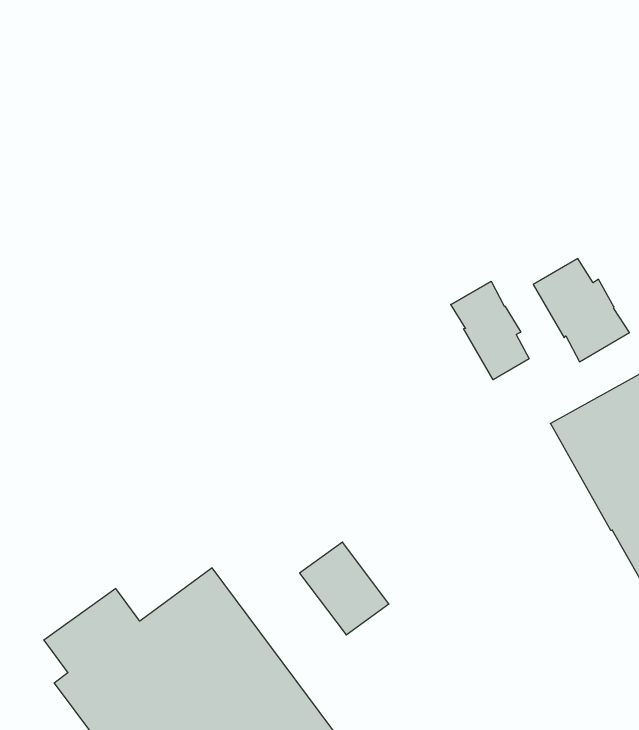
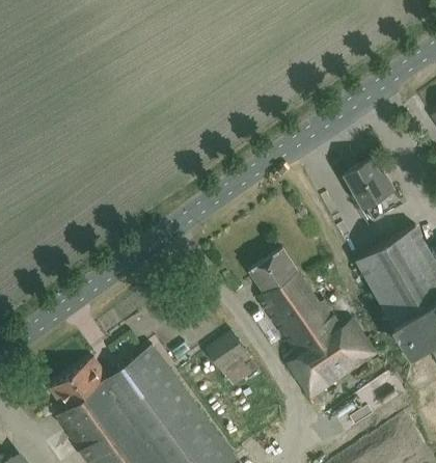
building: [451,281,529,380] -> none
building: none -> [250,249,376,399]

